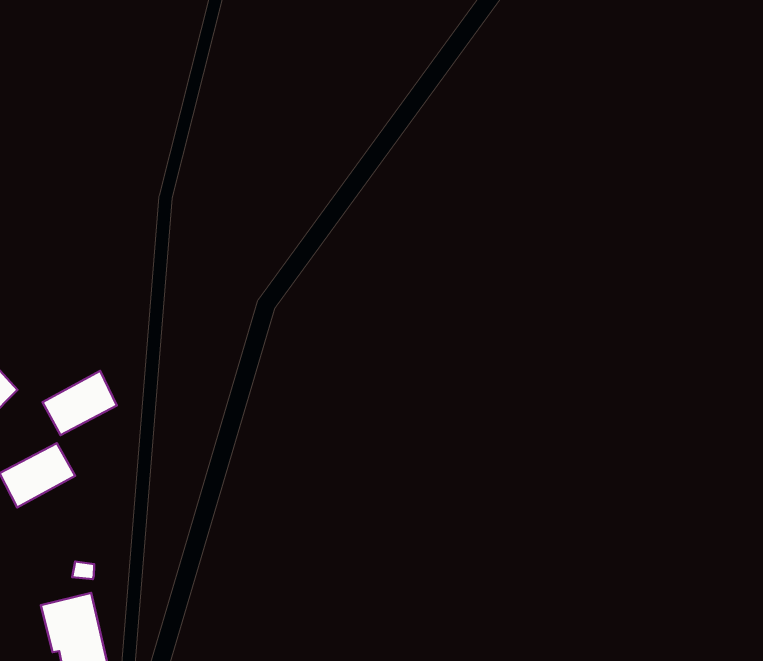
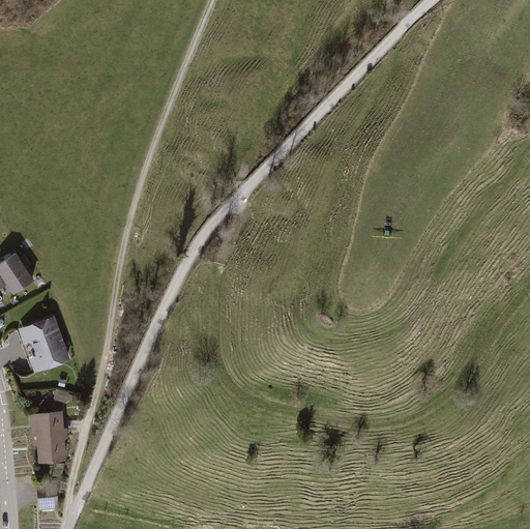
building: [43,371,117,435] -> [24,337,69,374]

